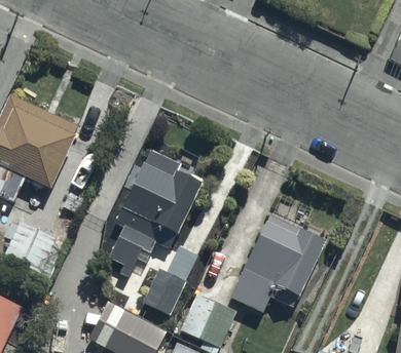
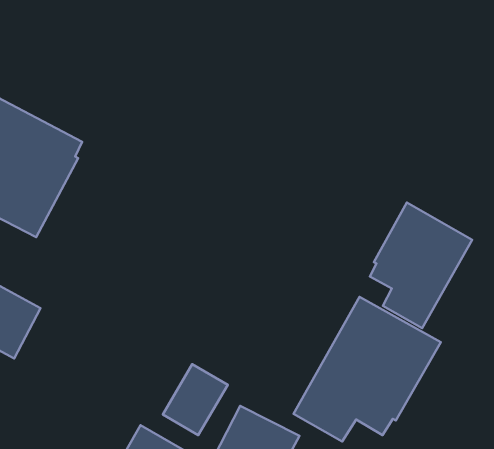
building: none -> [370,203,472,328]
building: [105,159,200,280] -> none

